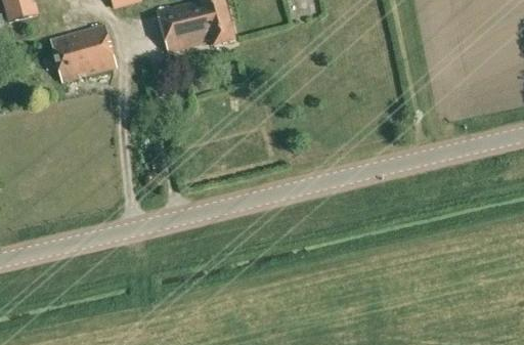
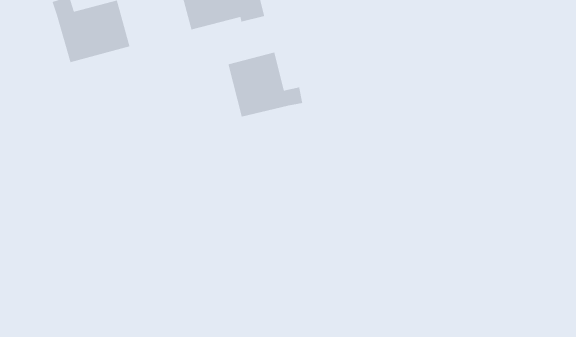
building: none -> [227,52,303,117]

